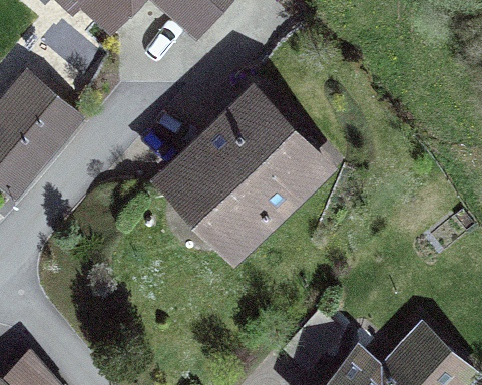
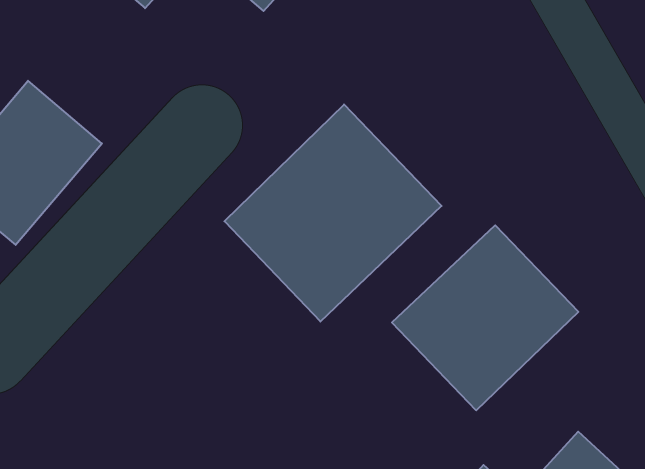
building: none -> [392,225,578,410]

